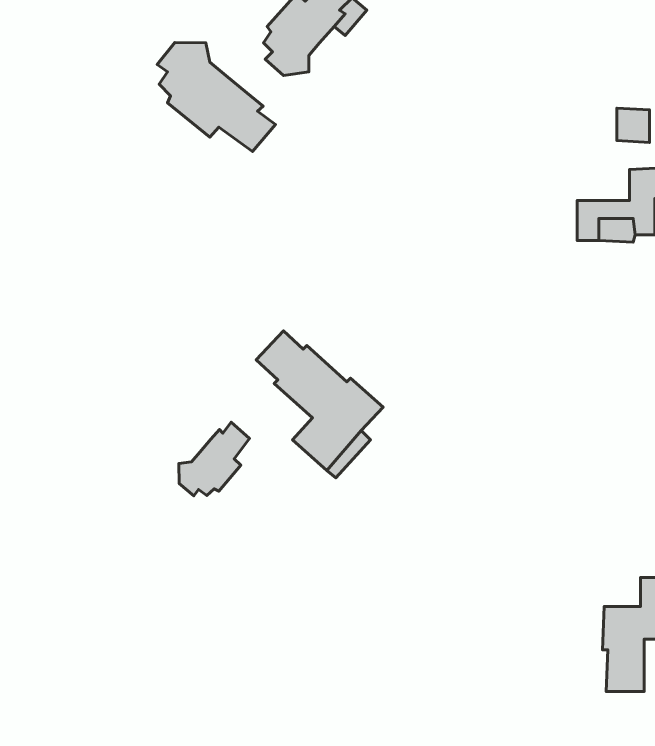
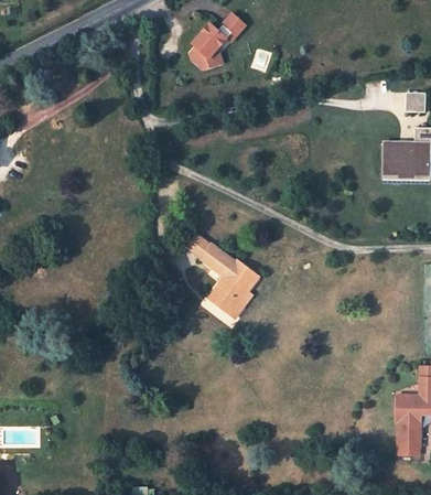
building: [157,42,276,152] -> none
building: [179,422,249,496] -> none

